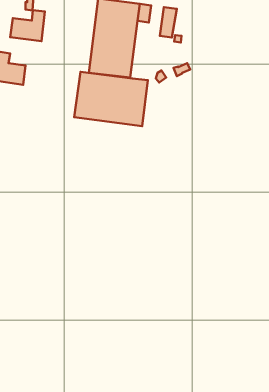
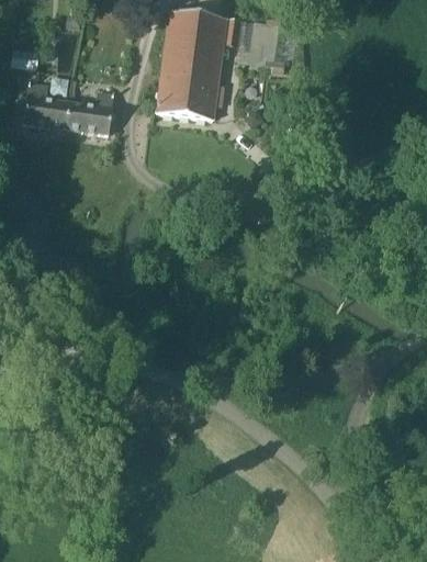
building: [10,10,45,41] -> [67,90,114,133]
building: [74,72,148,126] -> none

